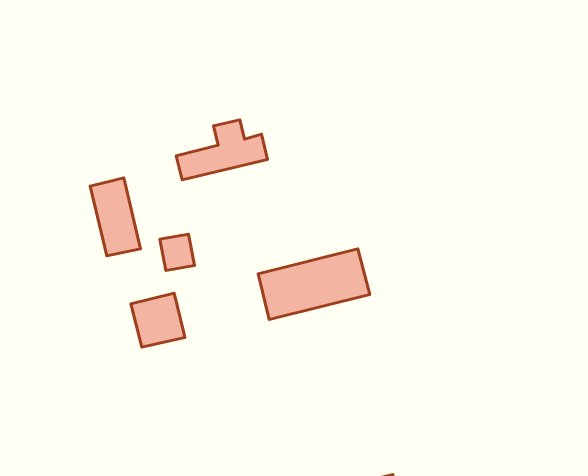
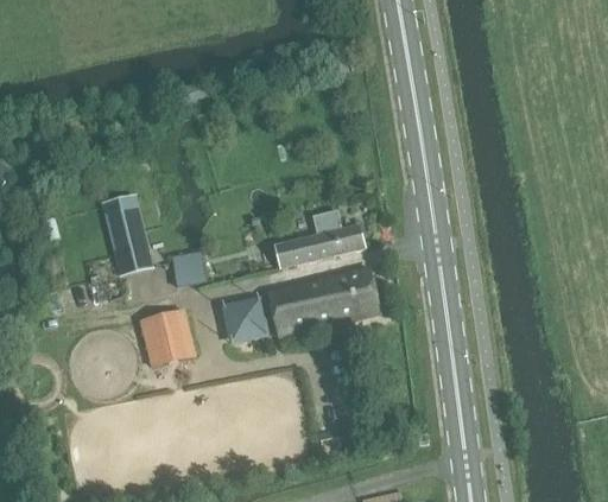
building: [176,120,267,180] -> [274,209,365,268]
building: none -> [220,294,270,344]

